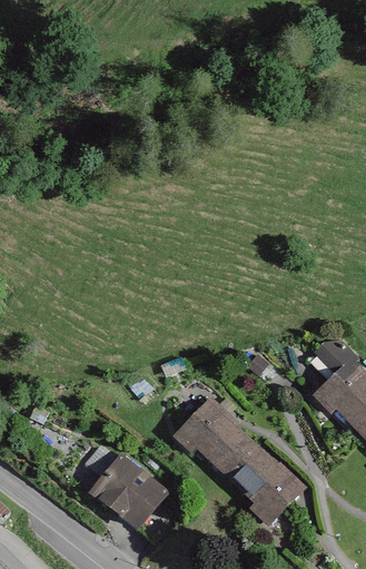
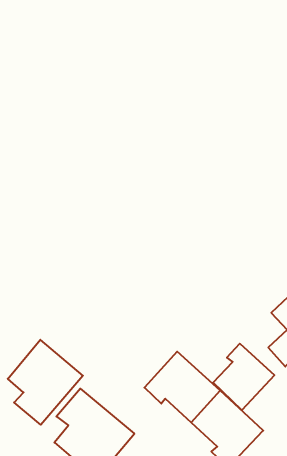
building: none -> [8,340,83,425]
building: none -> [213,344,274,410]

